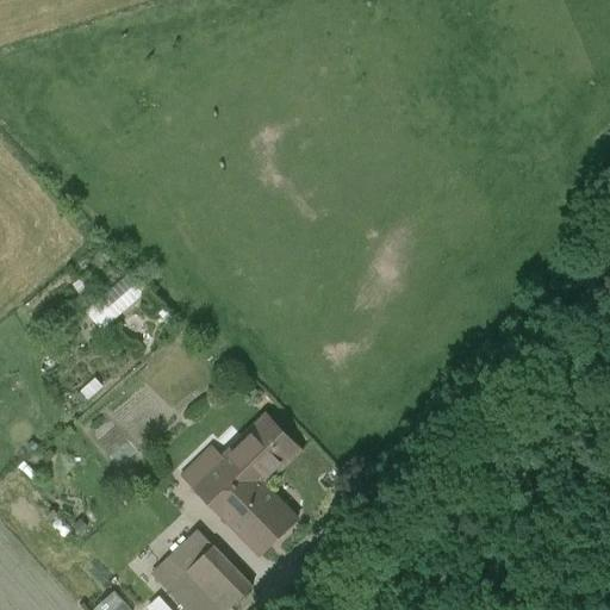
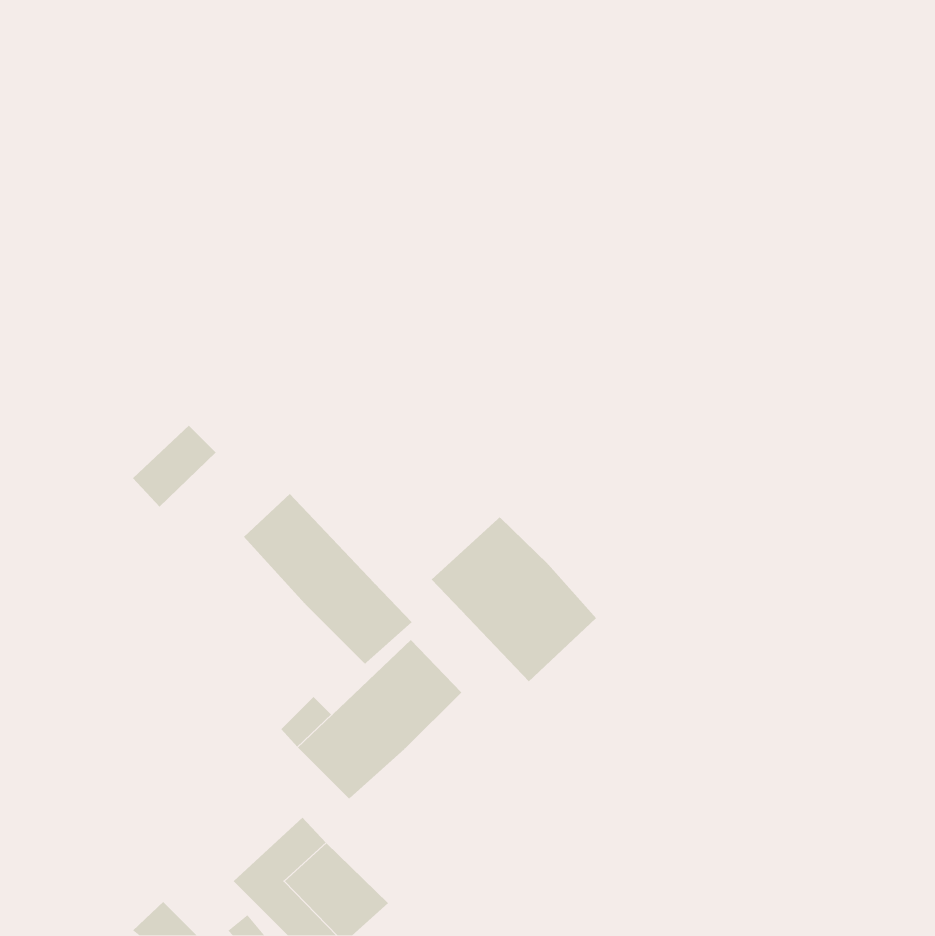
building: none -> [243,493,413,665]
building: none -> [431,515,597,682]
building: [228,487,294,553] -> none

